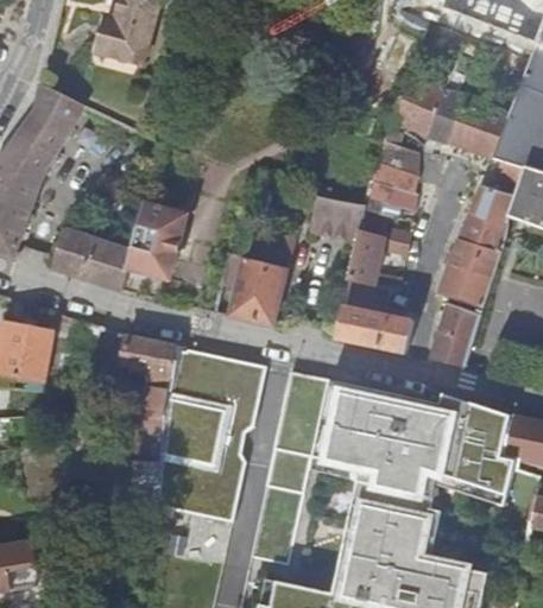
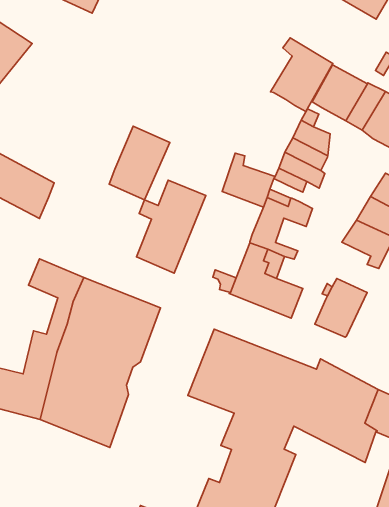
building: none -> [271,38,333,112]
building: [127,203,184,279] -> [109,126,170,200]
building: [438,265,490,308] -> none

